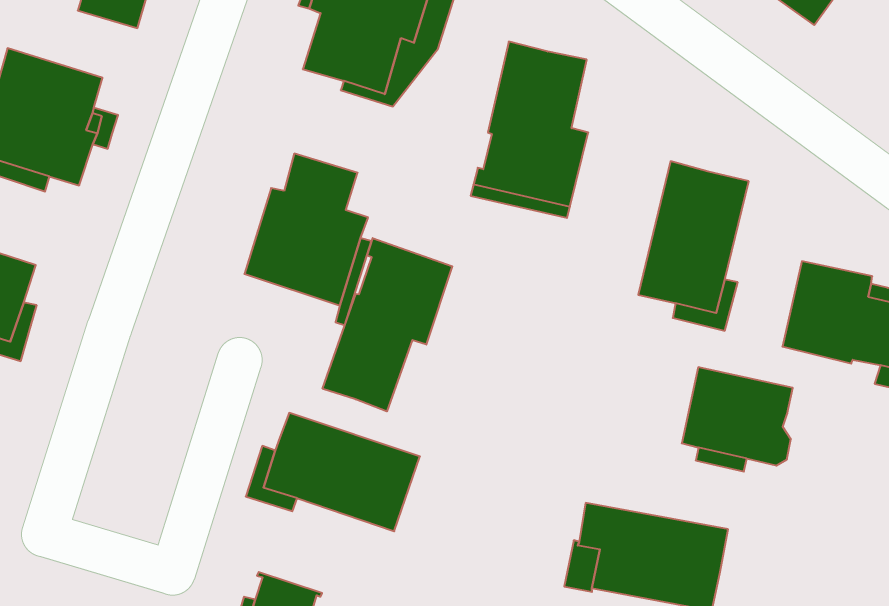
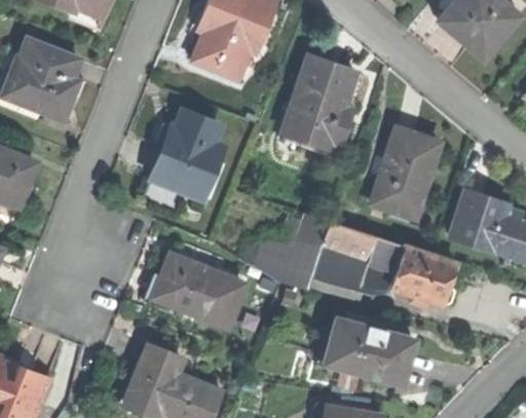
building: [323,238,452,411] -> none
building: none -> [281,216,403,287]

